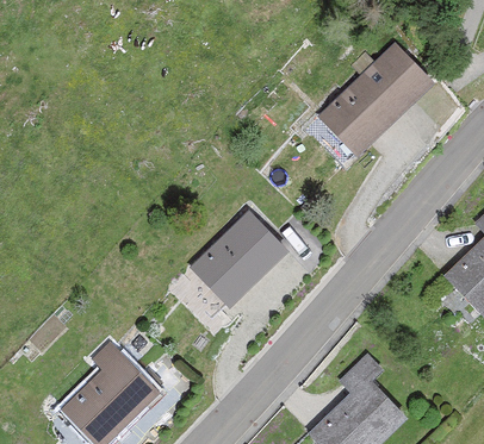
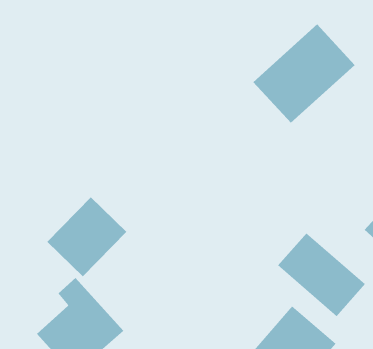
building: [185,213,280,308] -> [46,196,127,277]
building: none -> [277,232,366,317]

